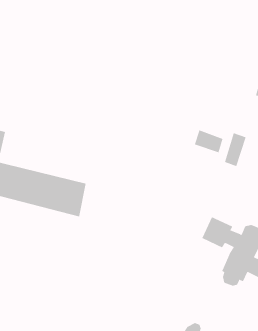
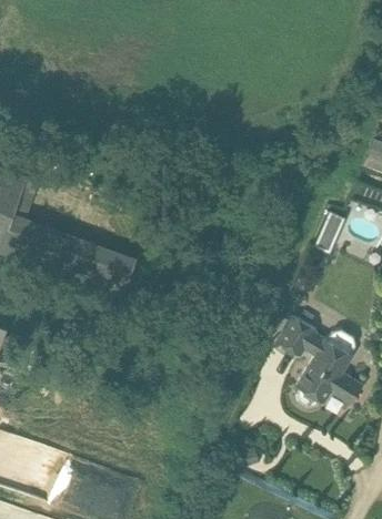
building: [194,130,223,153] -> none

